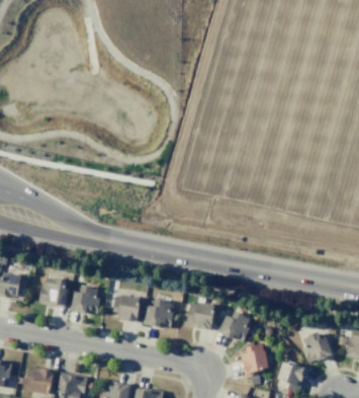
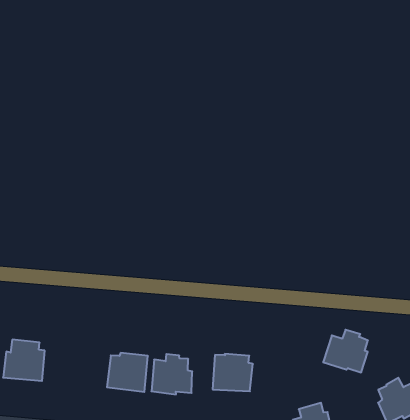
building: [70,285,100,314] -> none
building: [216,310,250,341] -> [323,330,368,372]

